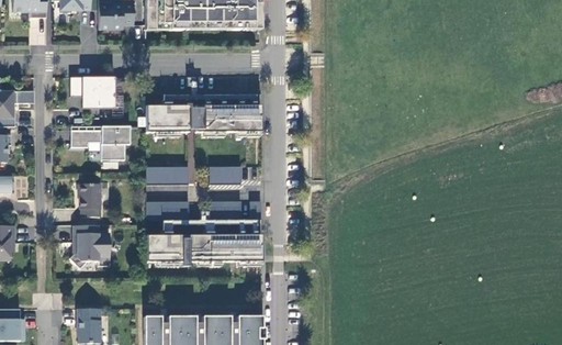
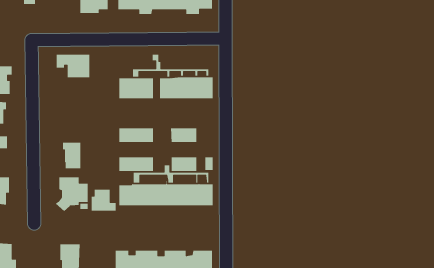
building: [71,126,130,159] -> none
building: none -> [91,189,116,211]

